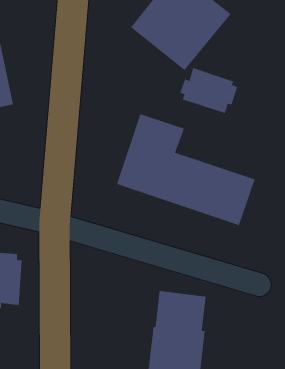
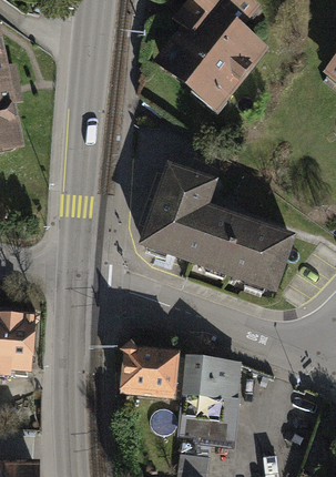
building: [180,67,238,114] -> none
building: none -> [120,338,181,398]

